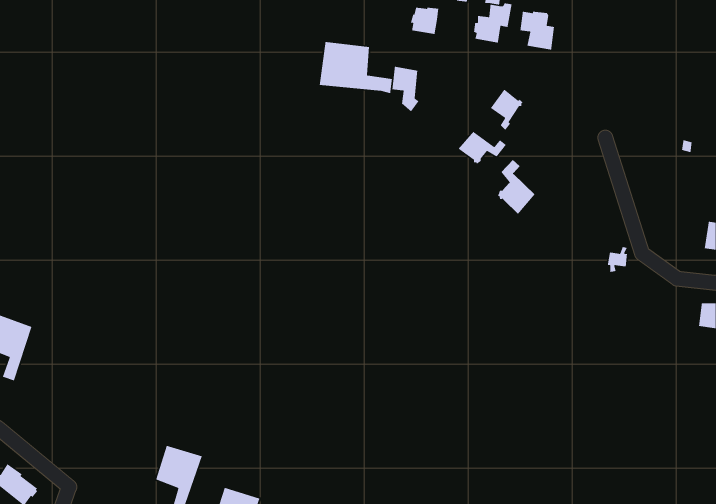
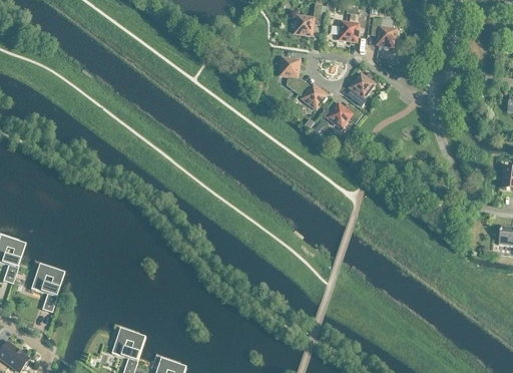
building: [319,41,393,94] -> none
building: none -> [299,84,327,108]
building: [497,159,536,215] -> none
building: none -> [30,263,64,310]

